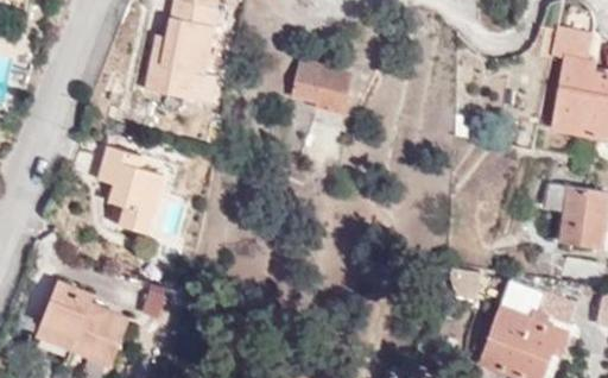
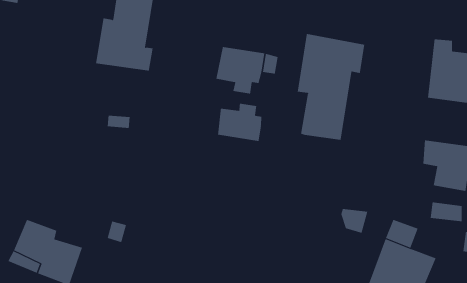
building: none -> [297,33,365,141]
building: none -> [218,103,262,142]
building: [101,146,165,228] -> none

